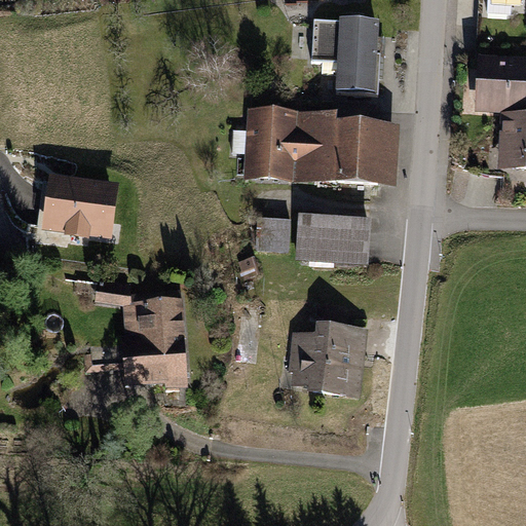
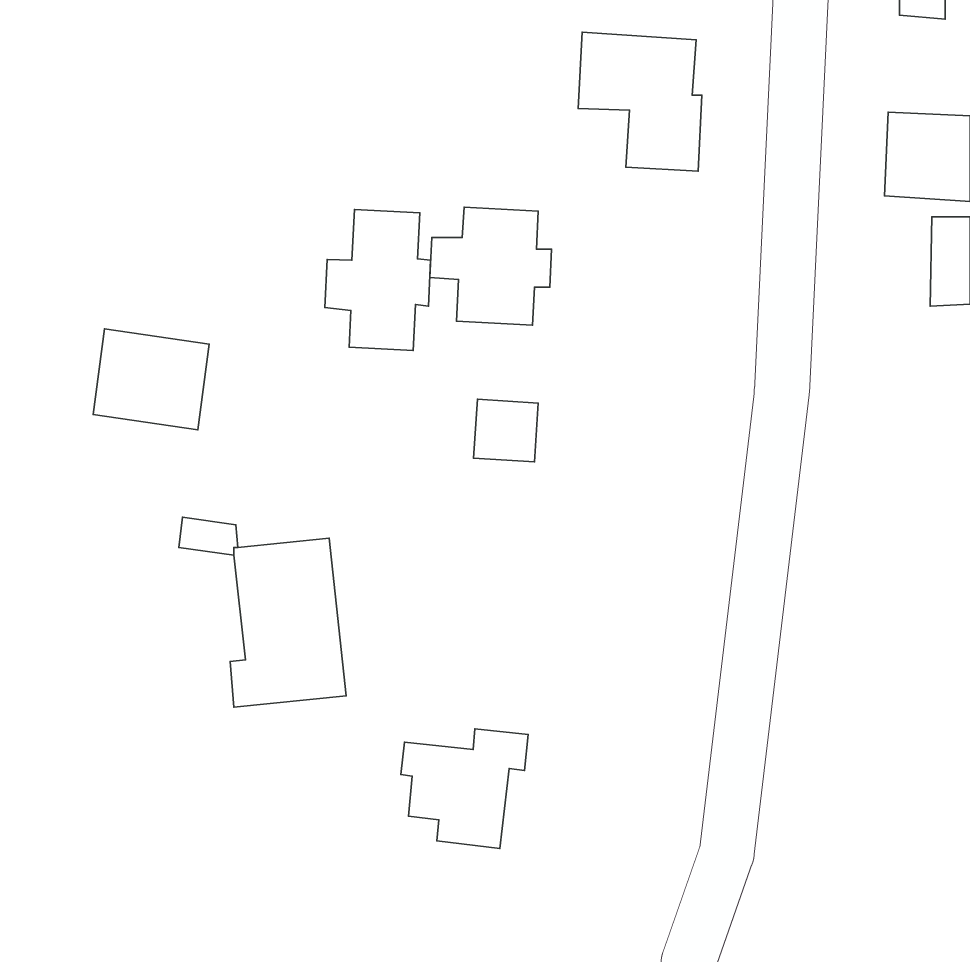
building: [296,105,382,182] -> none
building: none -> [325,210,431,350]
building: [299,220,366,258] -> none
building: [294,328,363,392] -> [401,729,528,848]

